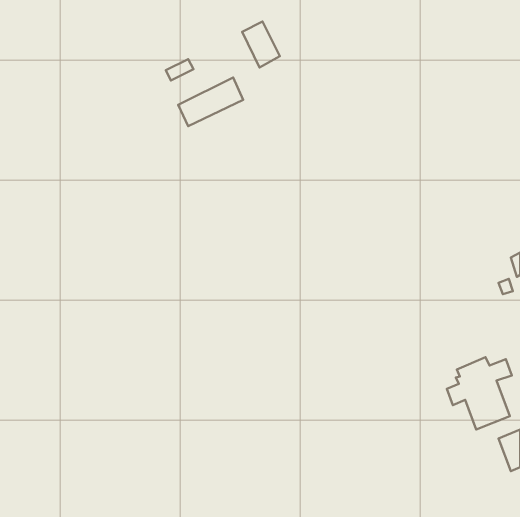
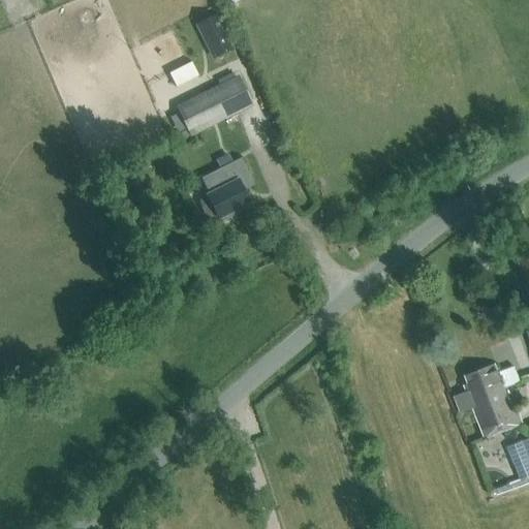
building: [242,22,280,67] -> [195,11,234,58]
building: none -> [199,157,249,218]

